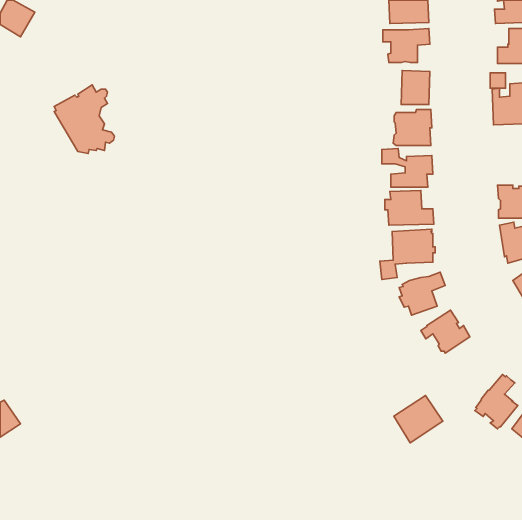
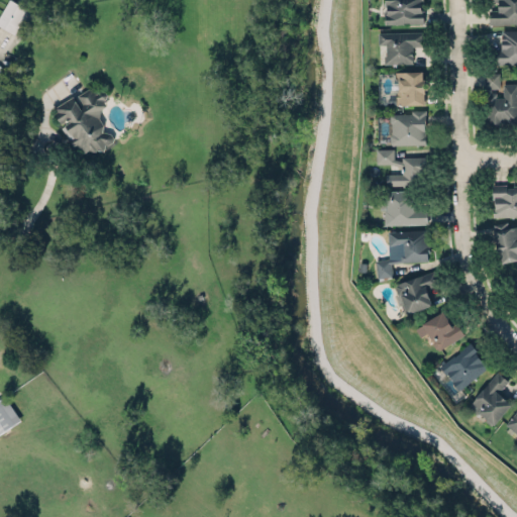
building: [394,396,443,443] -> [440,345,489,392]

